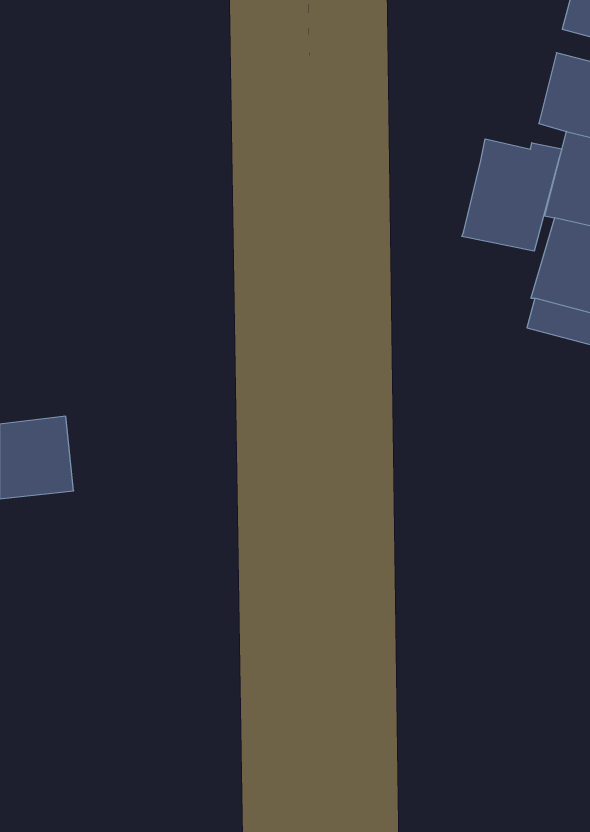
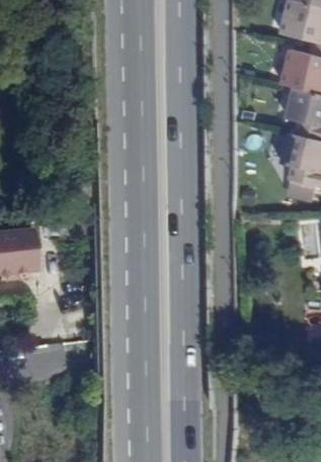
building: [462,139,562,251] -> none

